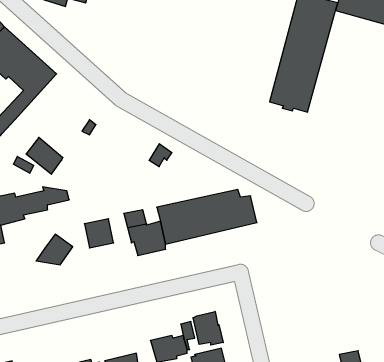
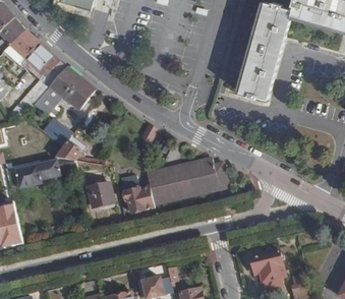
building: none -> [33,67,94,115]
building: [36,234,73,265] -> [55,136,84,161]
building: none -> [250,250,285,288]
building: [193,311,223,345] -> none

